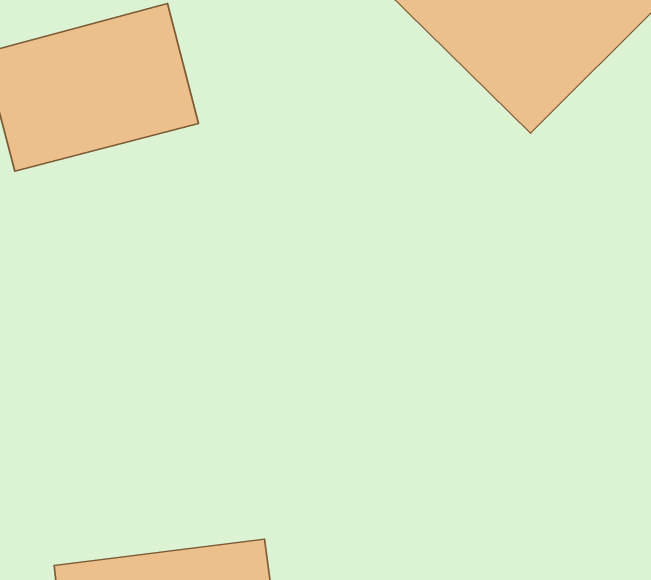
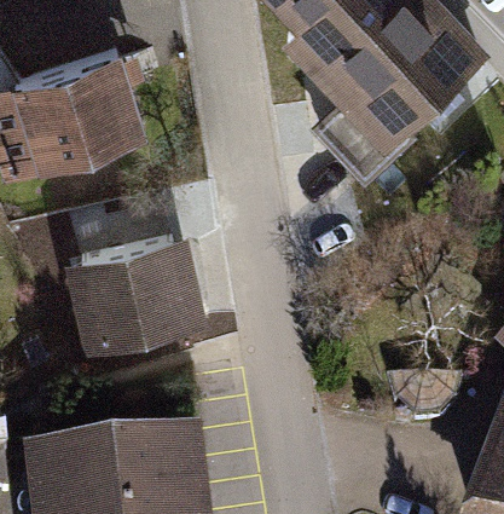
building: none -> [63,244,184,354]

